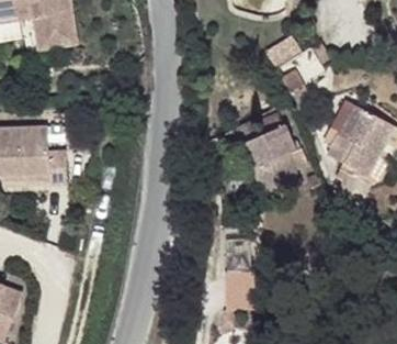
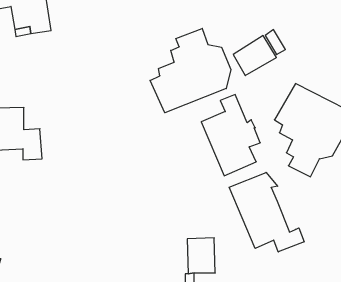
building: none -> [150,28,231,113]
building: none -> [229,172,304,252]

